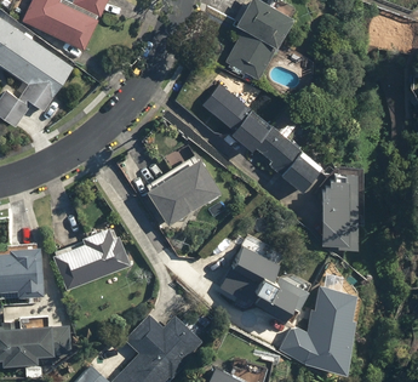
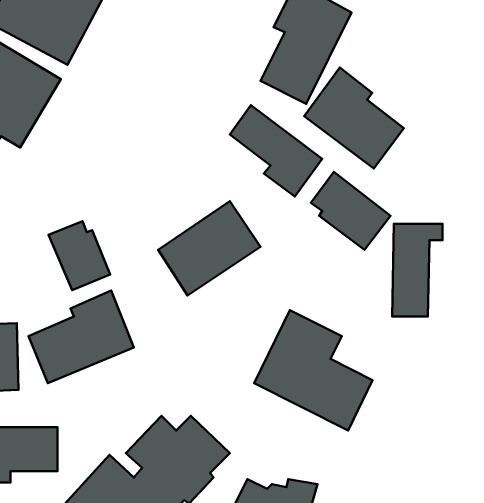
building: none -> [304,67,404,168]
building: none -> [49,221,110,290]
building: [275,287,348,370] -> none

